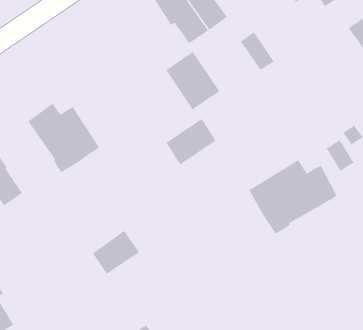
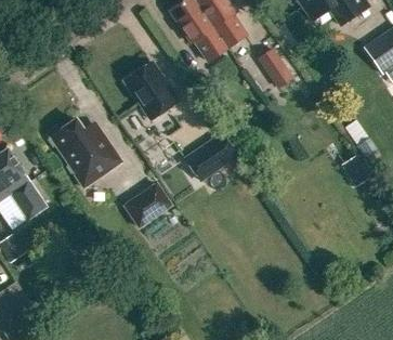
building: [165,51,220,110] -> [126,62,179,119]
building: [248,159,338,234] -> none
building: [92,230,140,275] -> [126,182,172,225]

